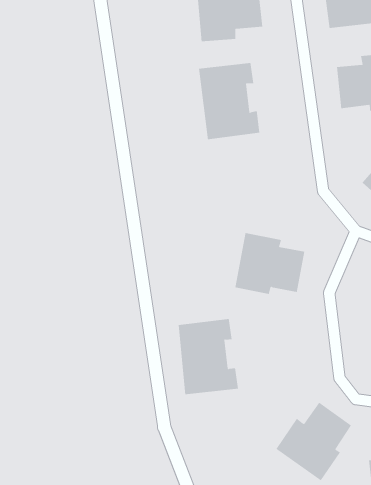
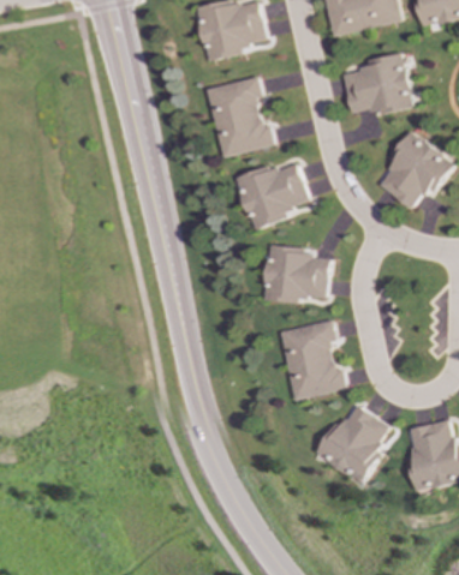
building: none -> [234,160,308,230]
building: [178,319,239,395] -> [280,321,346,400]

